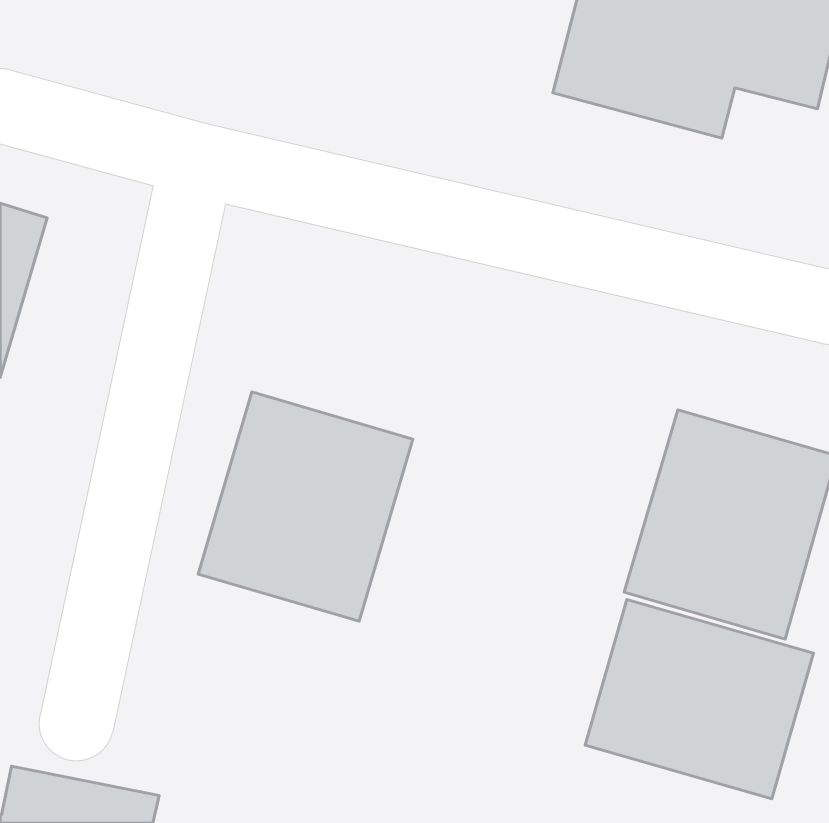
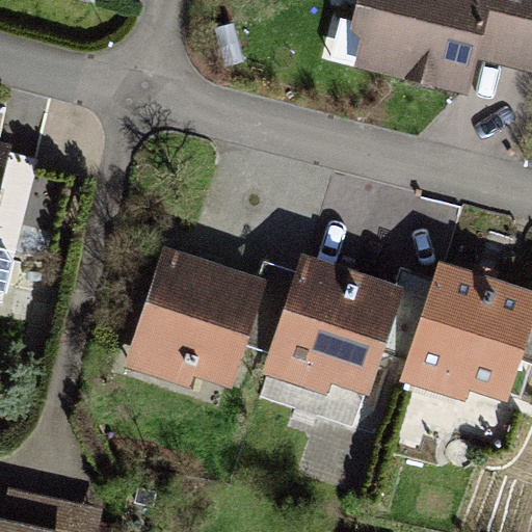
building: none -> [262,256,398,402]
building: [585,600,813,799] -> none

